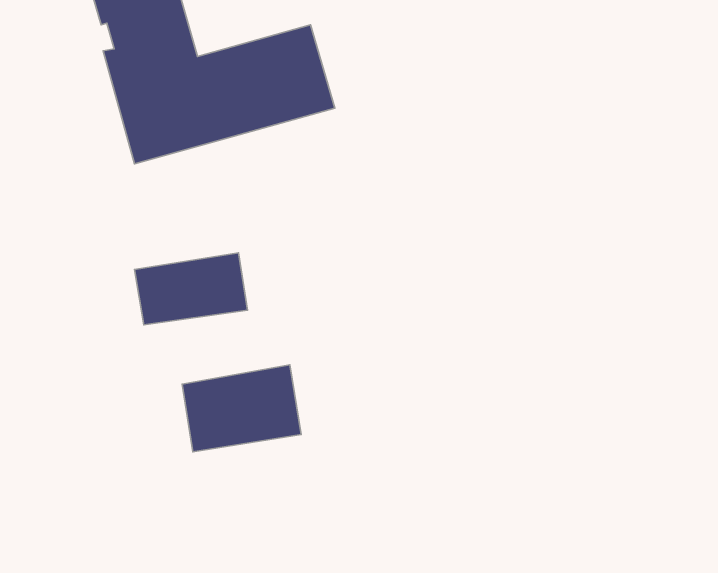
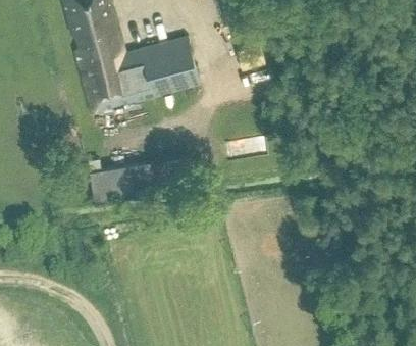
building: [182,365,301,452] -> none

